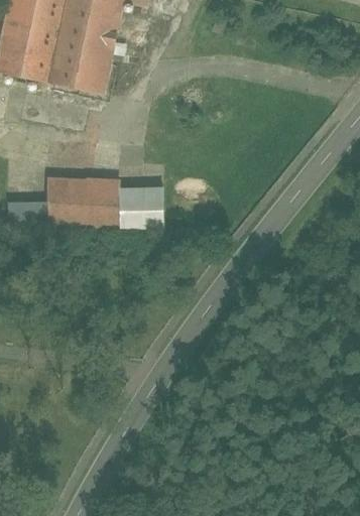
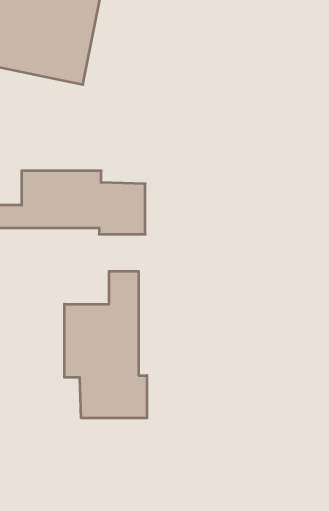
building: none -> [64,271,147,418]

